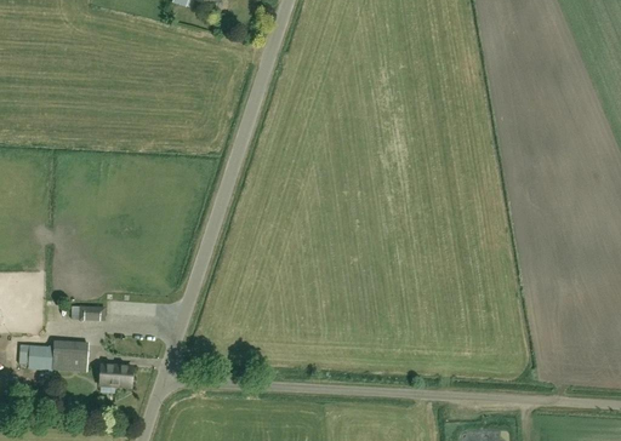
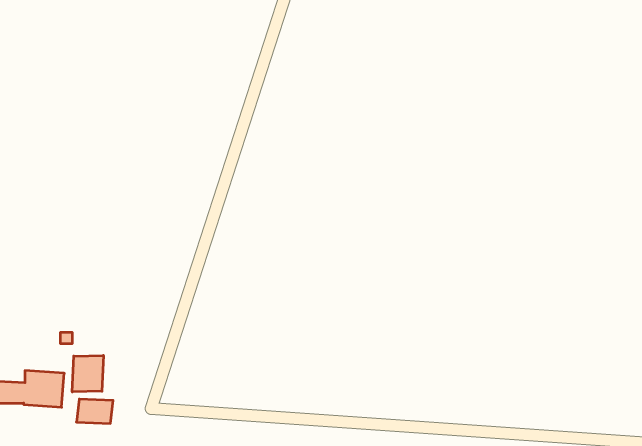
building: none -> [72,355,103,392]

